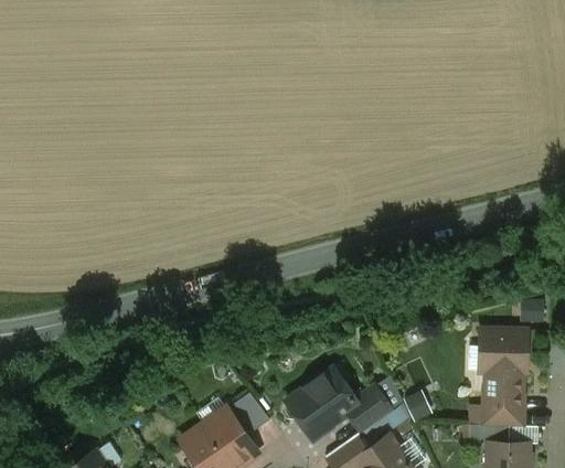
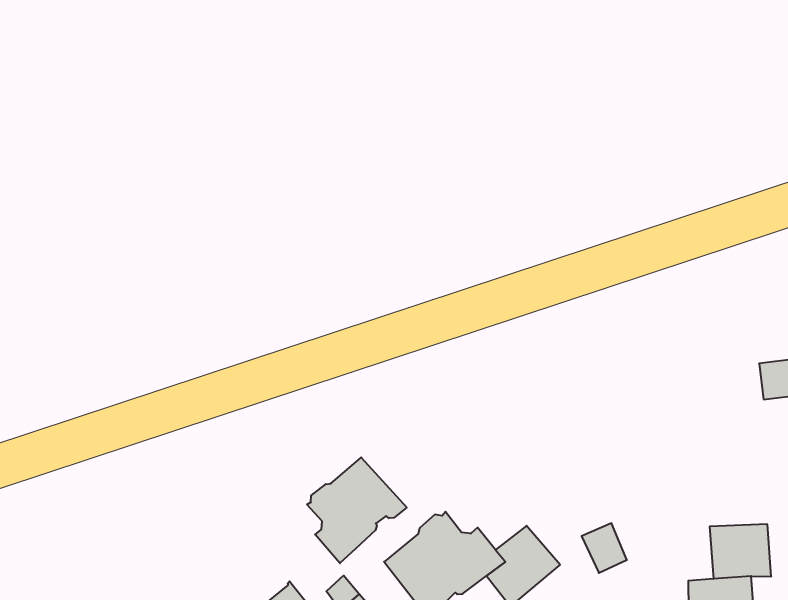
building: [480,329,527,394] -> none
building: none -> [307,457,407,563]

